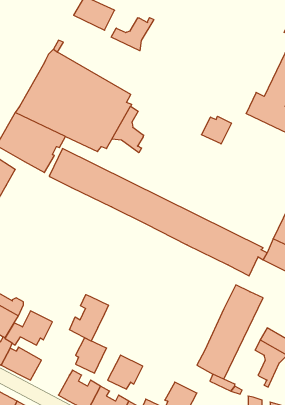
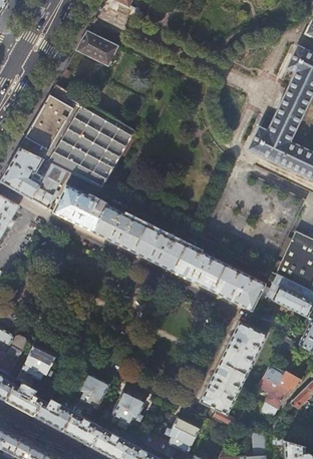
building: [111,18,154,51] -> none
building: [112,106,144,153] -> none
building: [201,116,231,144] -> none
building: [69,295,108,341] -> none
building: none -> [33,395,72,430]

